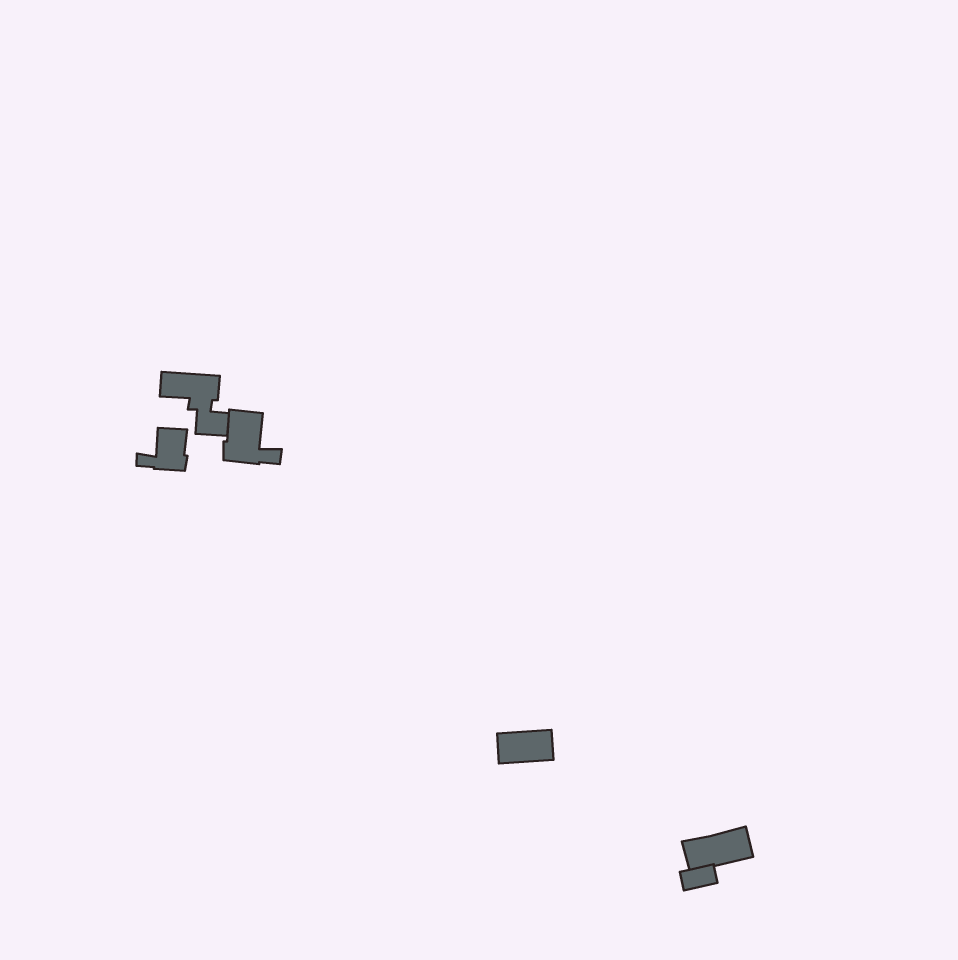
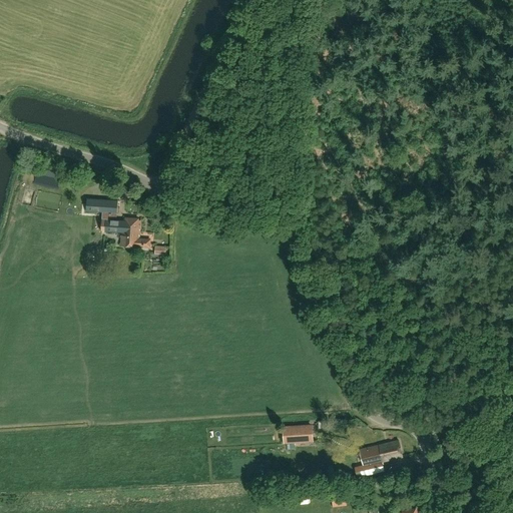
building: [136,428,187,471] -> none
building: [497,730,553,763] -> [282,425,312,443]

